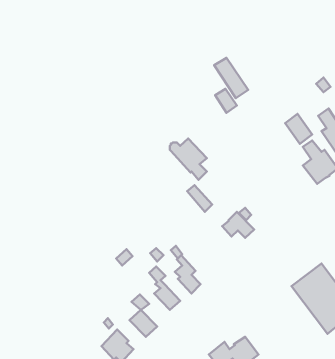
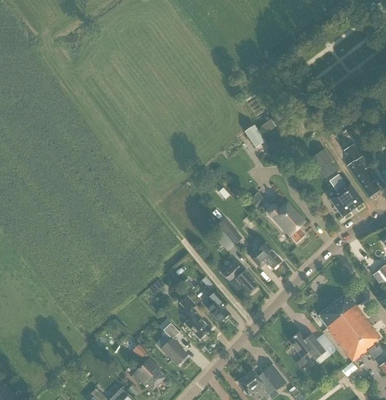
building: [170,138,207,180] -> [269,203,305,243]
building: none -> [223,263,258,293]
building: none -> [289,332,325,360]

